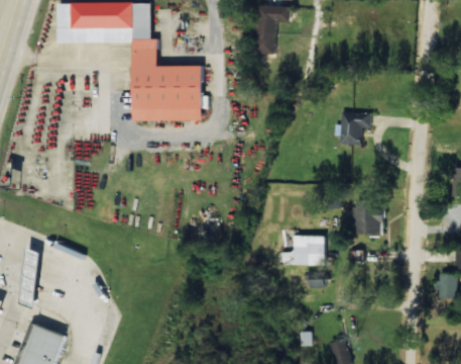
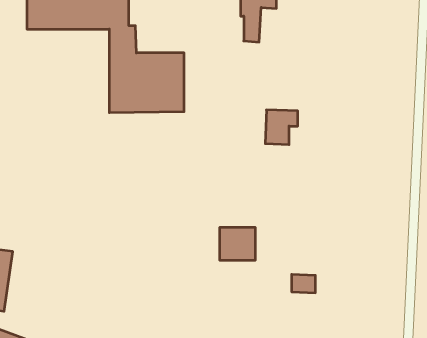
building: [338,112,368,145] -> [265,110,298,145]
building: [352,199,383,234] -> none
building: [291,236,324,266] -> [220,228,255,260]

